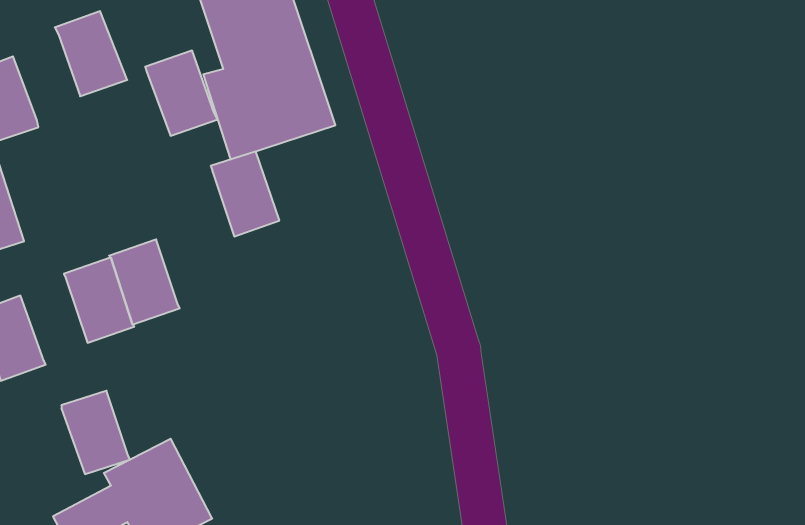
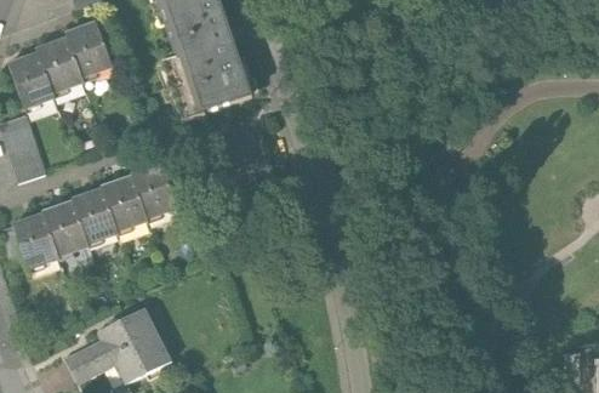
building: [145,51,218,136] -> [36,36,85,93]
building: [211,151,279,237] -> [132,160,178,217]
building: [61,391,130,474] -> [42,199,89,255]

